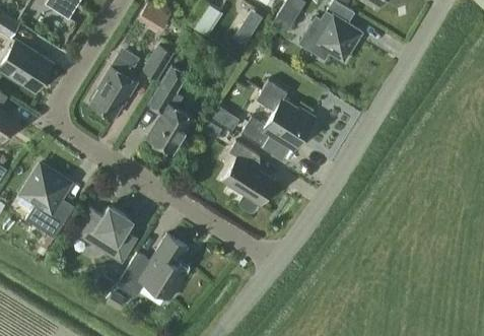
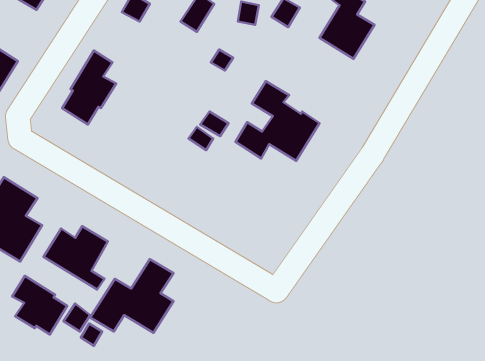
building: [143,40,178,79] -> none
building: [147,66,193,153] -> none
building: [222,140,274,211] -> none
building: none -> [12,276,67,334]

